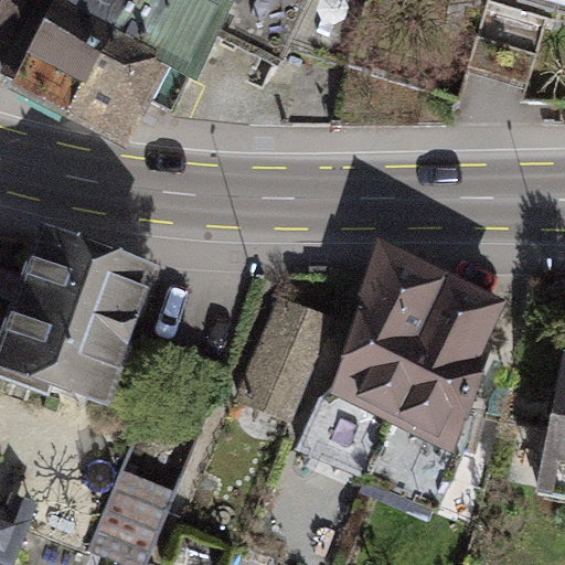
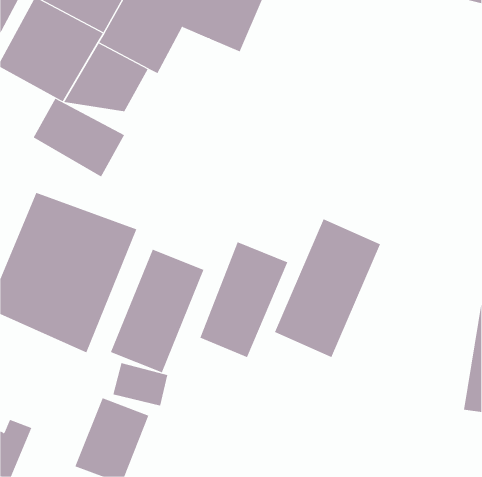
building: none -> [33,98,125,177]
building: [387,285,509,445] -> none
building: none -> [110,249,204,373]

